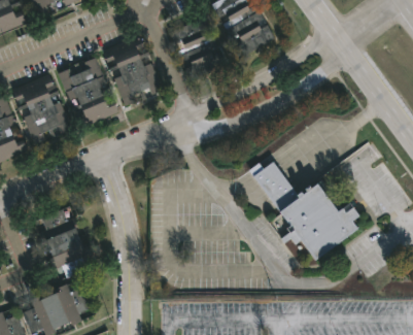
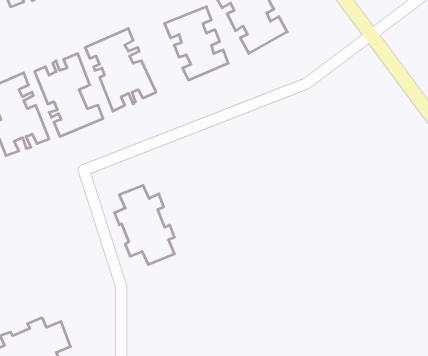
building: [251,162,357,261] -> none
building: [37,210,89,278] -> [114,185,175,265]

